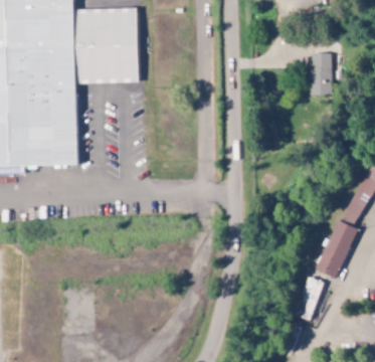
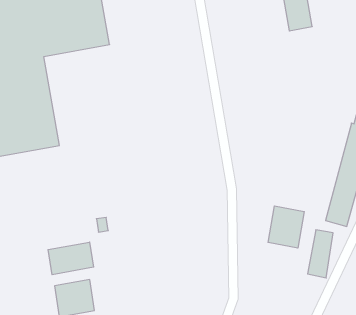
building: none -> [268,206,304,248]
building: none -> [48,242,94,275]

